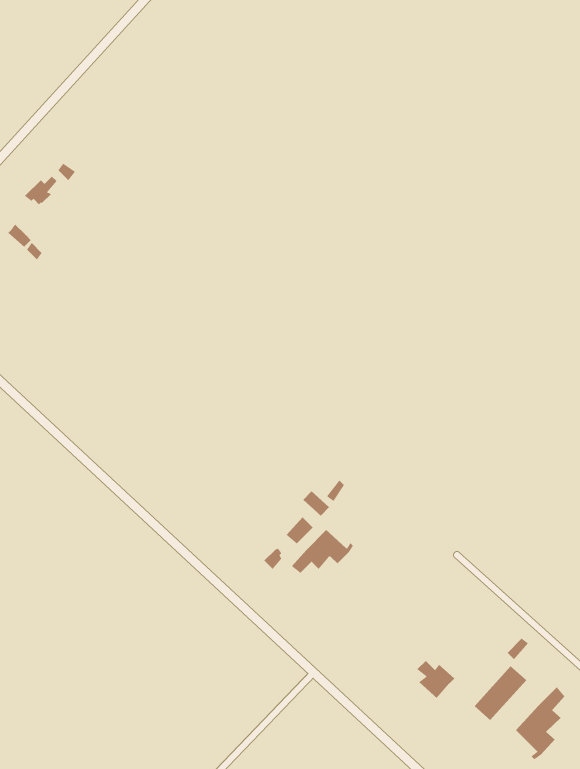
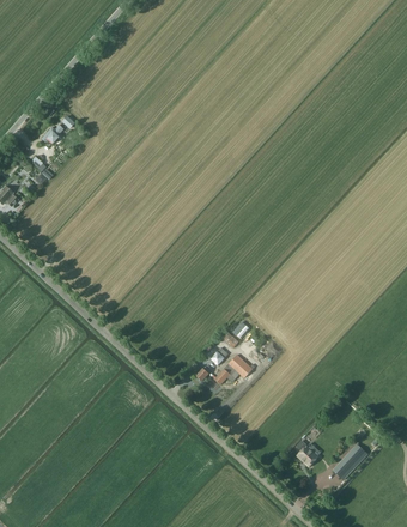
building: [515,687,565,760] -> none

